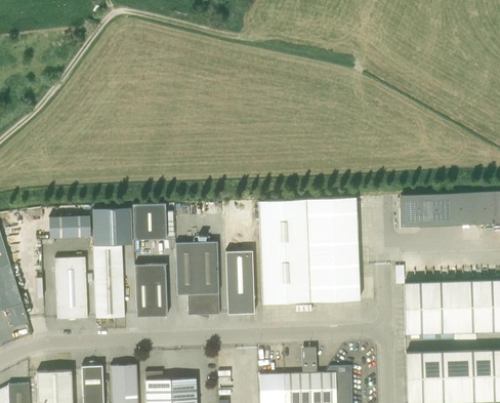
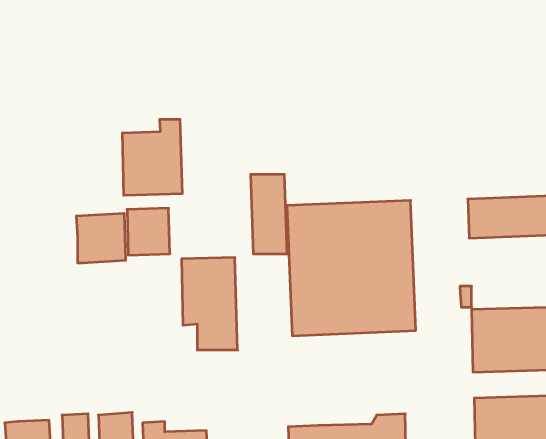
building: none -> [122,119,182,195]
building: [48,215,90,238] -> none
building: [92,245,124,318] -> none
building: [225,251,254,314] -> [251,174,287,254]
building: [54,257,87,320] -> none
building: [135,265,167,317] -> none

